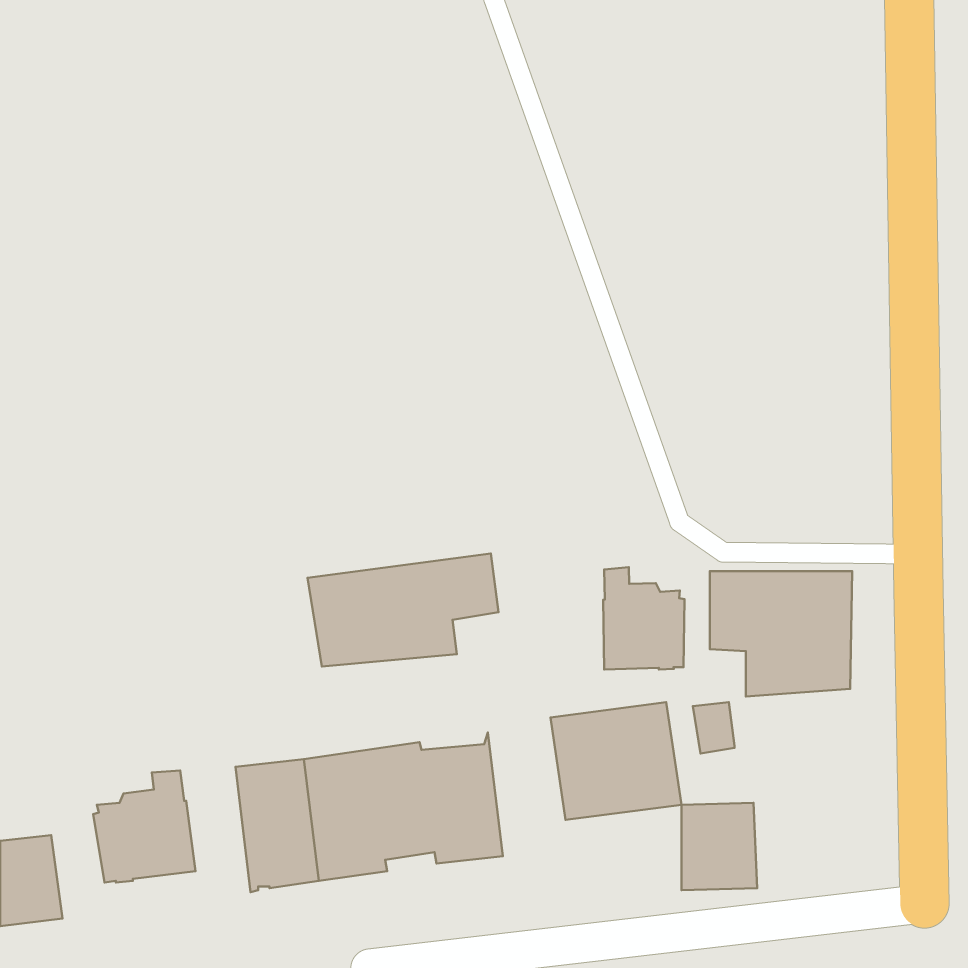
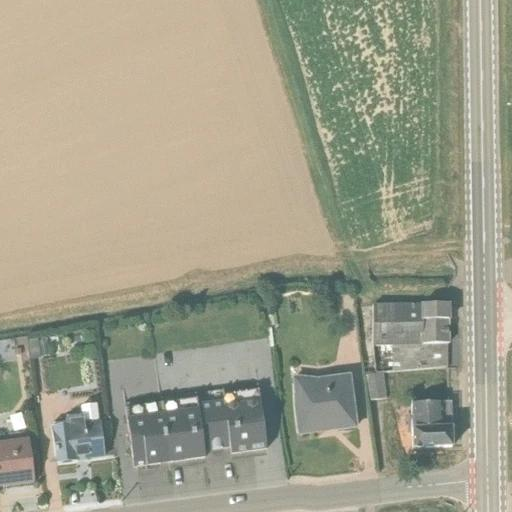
building: [308,553,499,666] -> none
building: [603,567,684,670] -> none
building: [681,803,757,890] -> [414,399,454,445]

